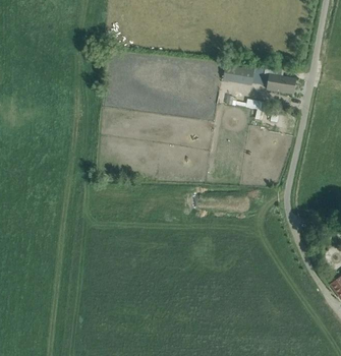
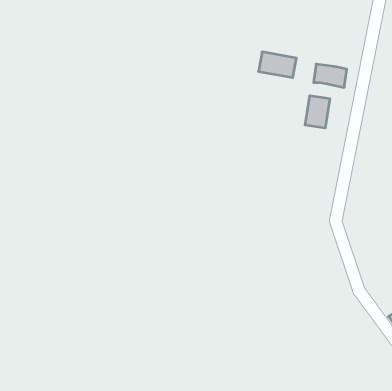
building: none -> [305,96,330,128]

